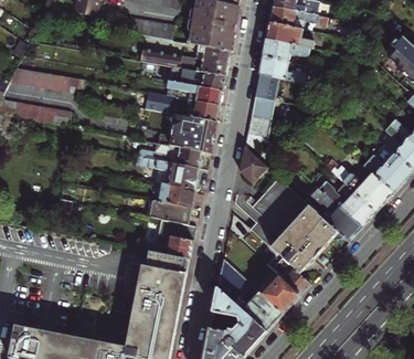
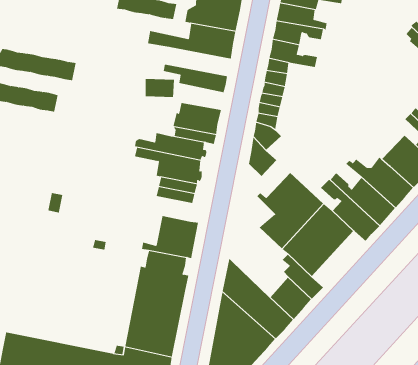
building: [164,63,225,89] -> none
building: [173,96,219,120] -> none
building: [146,199,190,223] -> none

